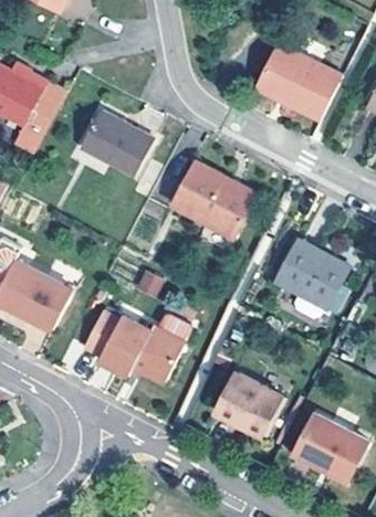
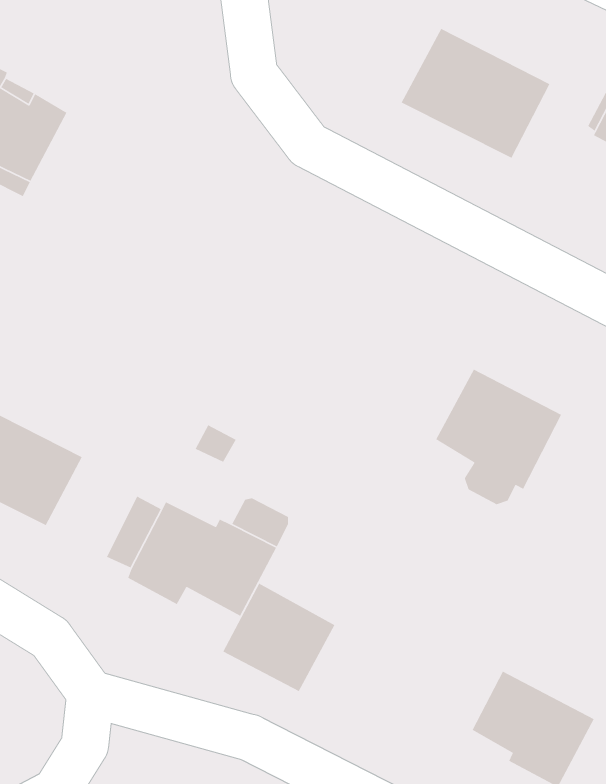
building: [80,110,154,176] -> none
building: [170,161,257,238] -> none
building: [216,372,281,435] -> [222,583,336,692]

